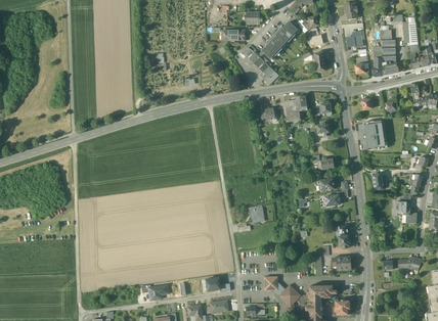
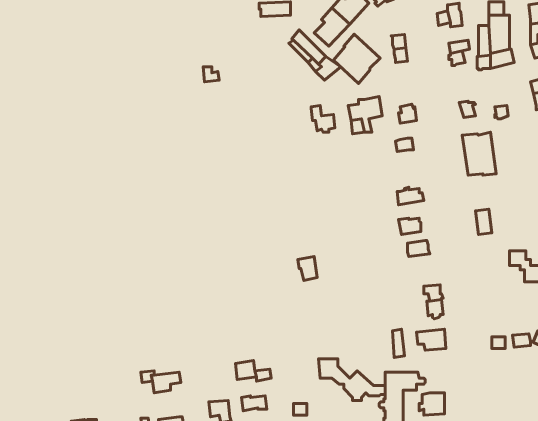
building: none -> [333,34,380,83]

